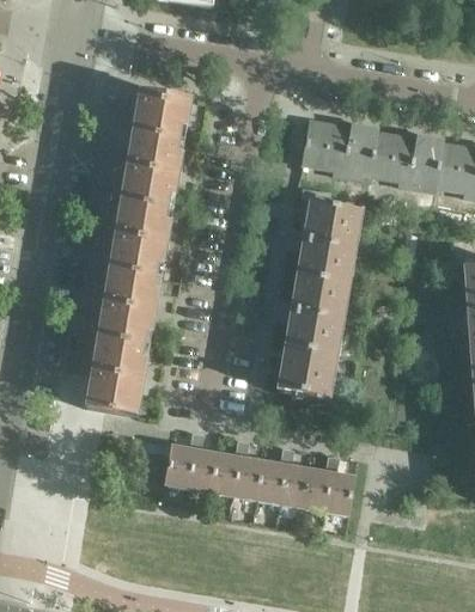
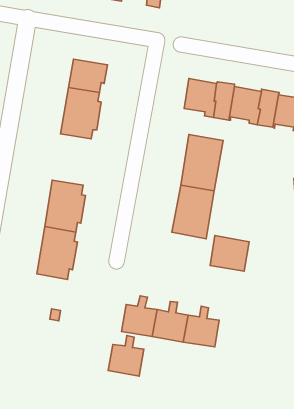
building: [109,201,170,276] -> none
building: [278,345,335,398] -> [210,235,249,271]
building: [165,432,218,491] -> [108,335,144,376]

